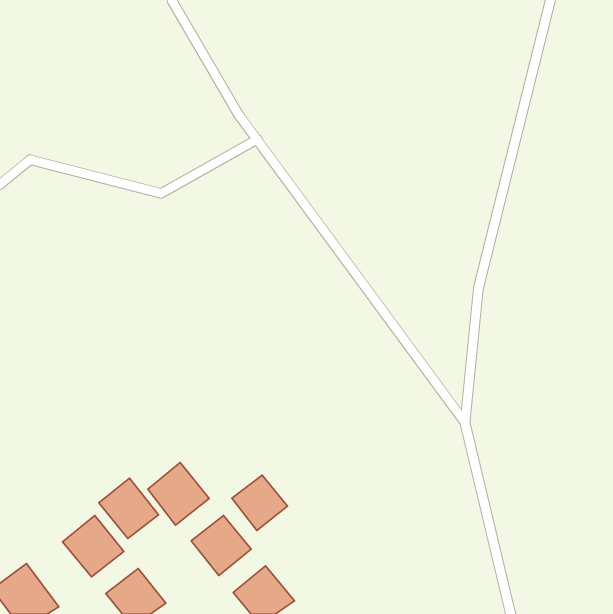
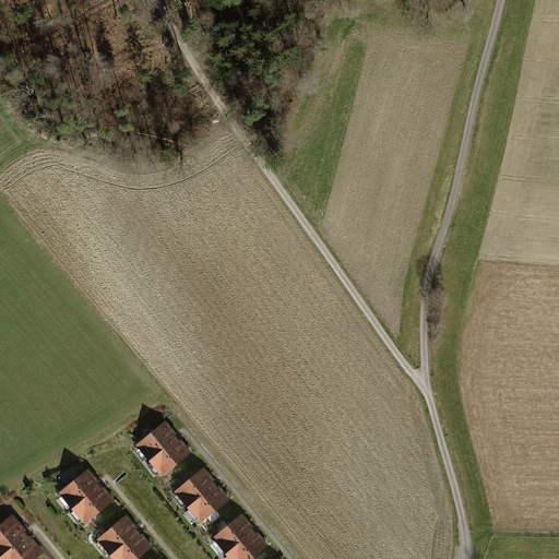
building: [232,475,287,530] -> none
building: [99,478,158,538] -> none

